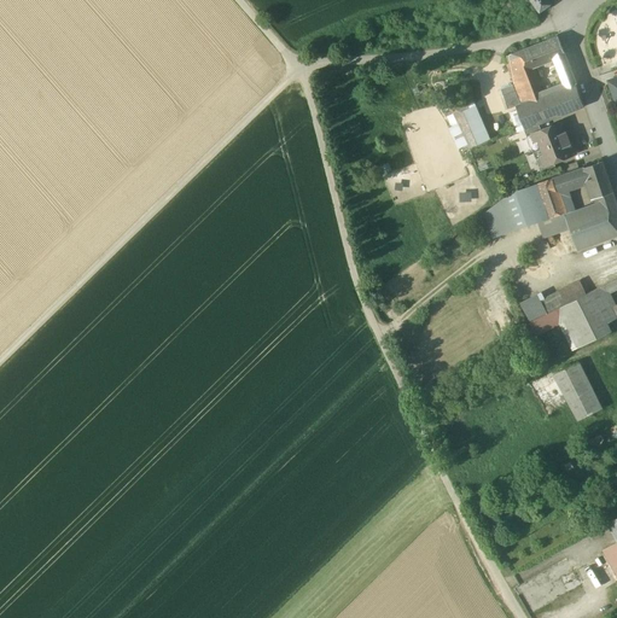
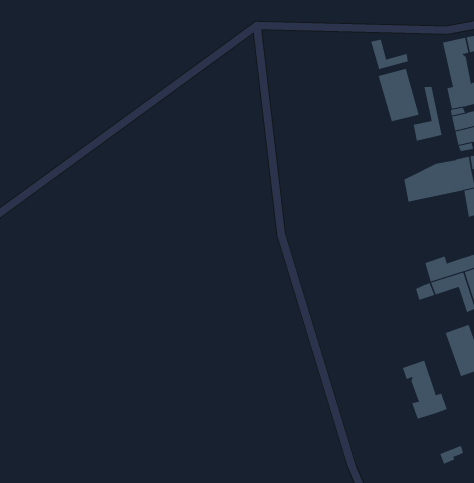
building: none -> [371,39,408,70]
building: none -> [413,86,442,142]
building: none -> [402,360,447,420]

